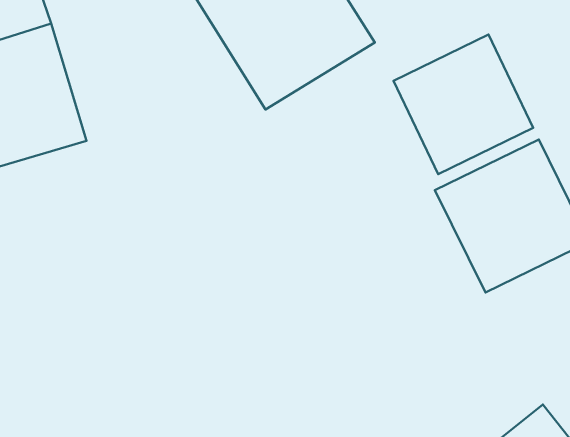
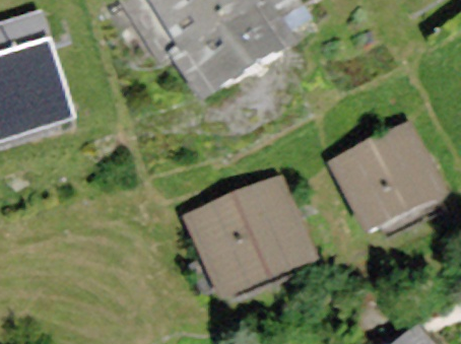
building: [393,35,533,174] -> none
building: none -> [185,176,314,300]

